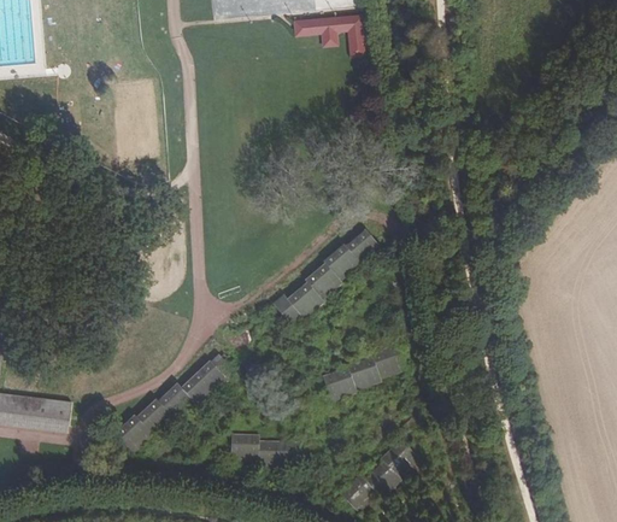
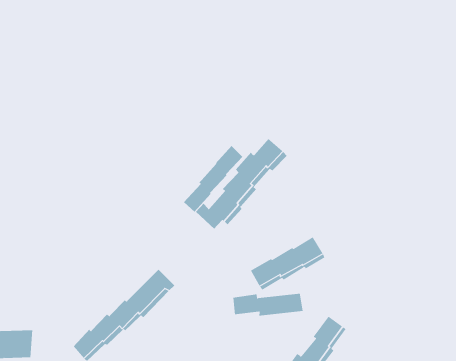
building: none -> [183,145,243,212]
building: [224,434,301,462] -> [233,293,303,316]

